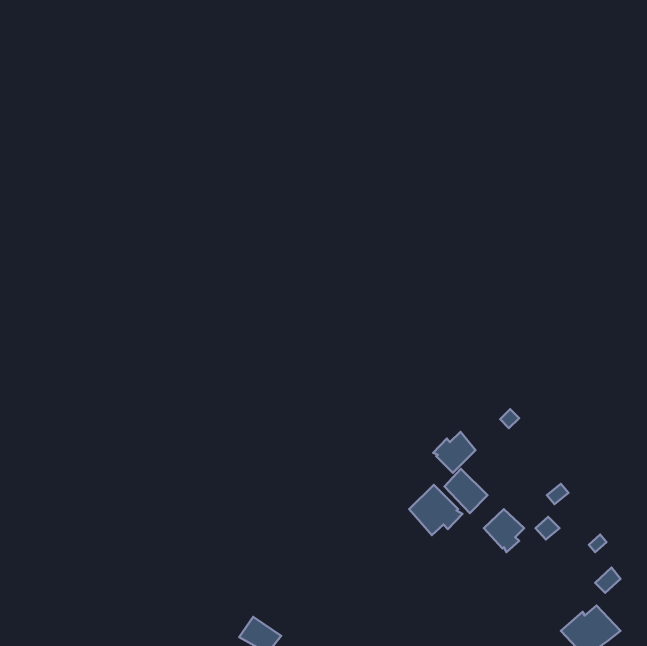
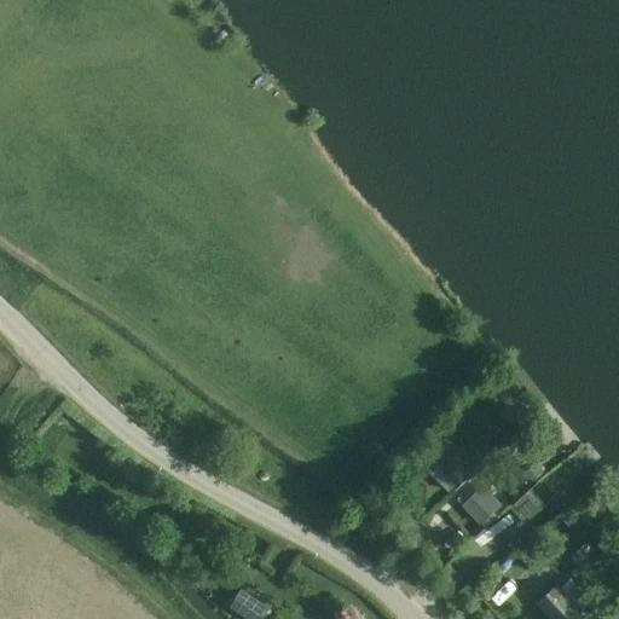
building: [433,432,476,473] -> none
building: [409,485,463,535] -> none

